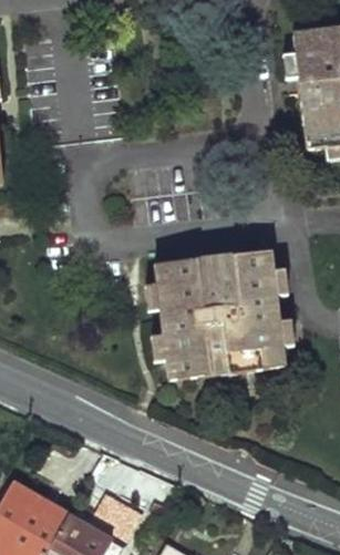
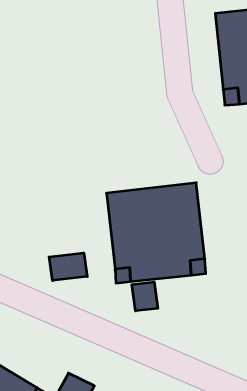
building: none -> [49,253,87,281]
building: none -> [132,282,158,311]

